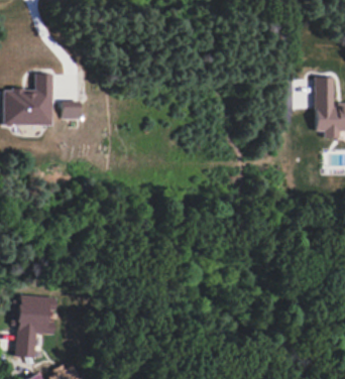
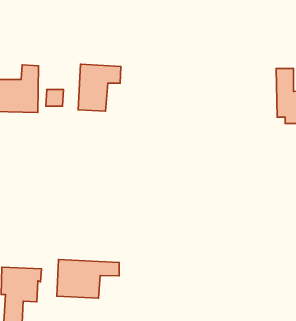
building: none -> [78,64,121,111]
building: none -> [57,260,119,298]

